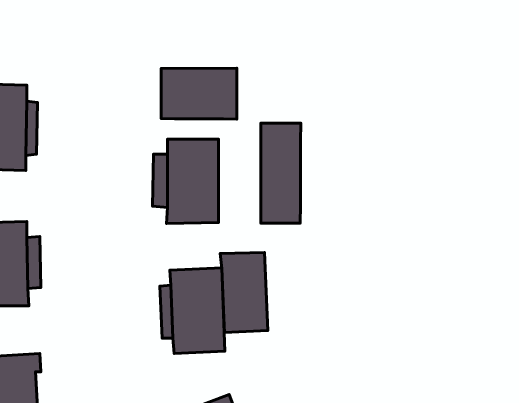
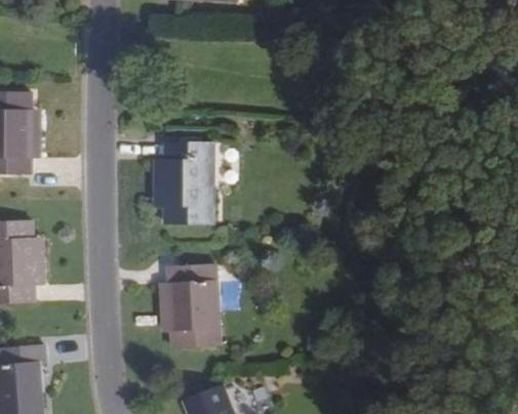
building: [161,68,237,119] -> none
building: [261,123,301,223] -> none
building: [220,253,268,332] -> none

